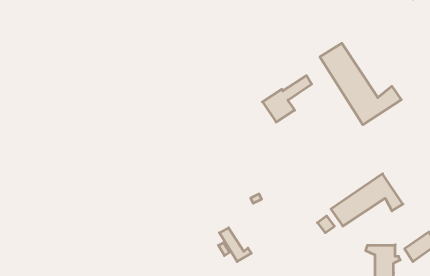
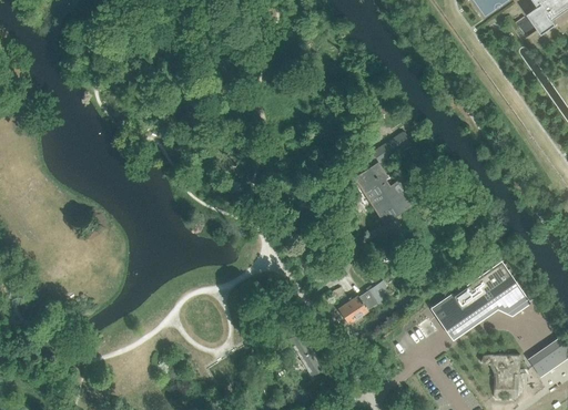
building: [320,43,401,125] -> none
building: none -> [363,175,414,225]
building: none -> [337,281,390,326]

